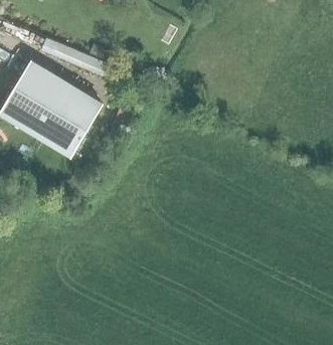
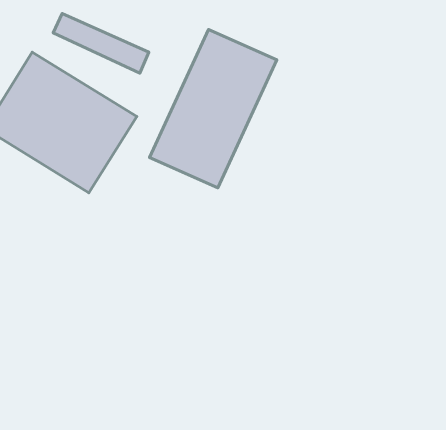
building: none -> [150,29,277,188]

